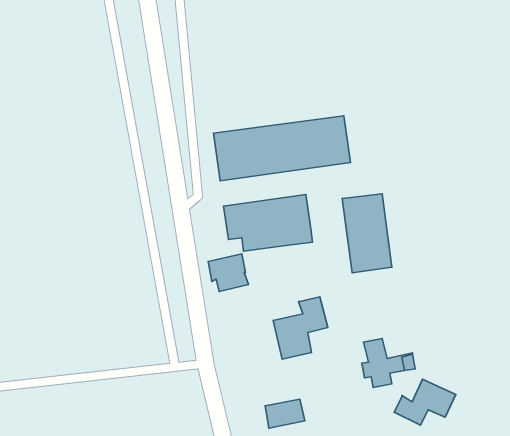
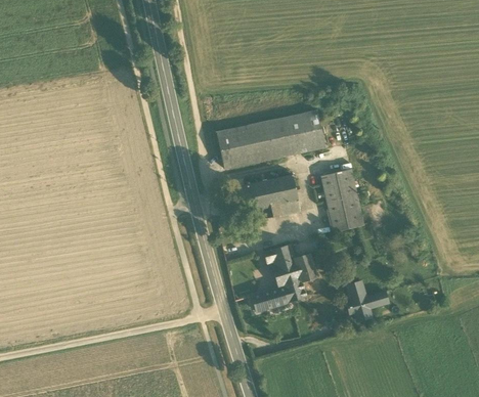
building: [208,254,248,291] -> [264,244,297,274]
building: [394,379,456,425] -> none
building: [265,399,305,428] -> [252,288,284,312]

